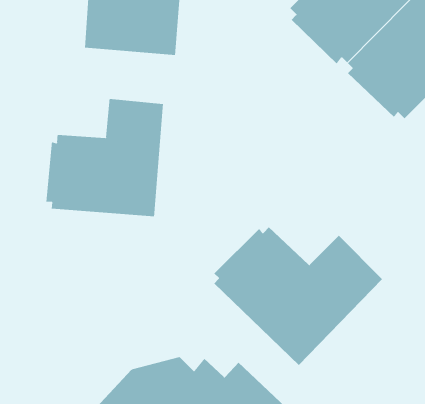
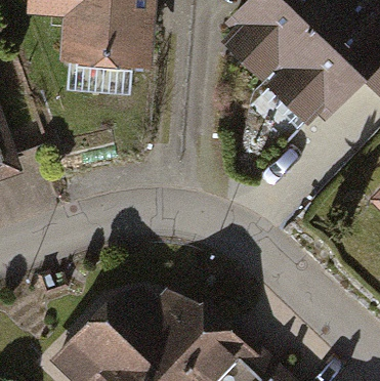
building: [46,98,163,217] -> none
building: [213,226,383,366] -> none

